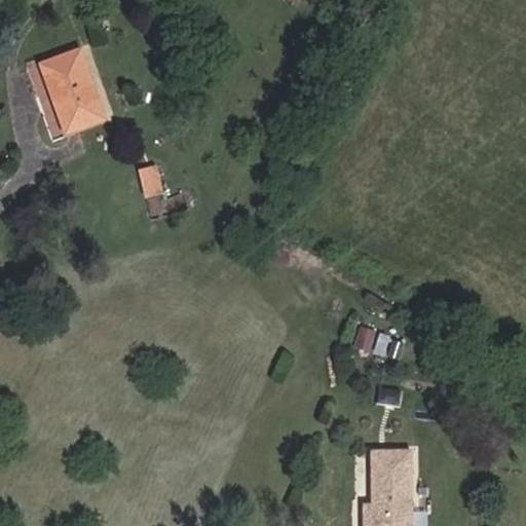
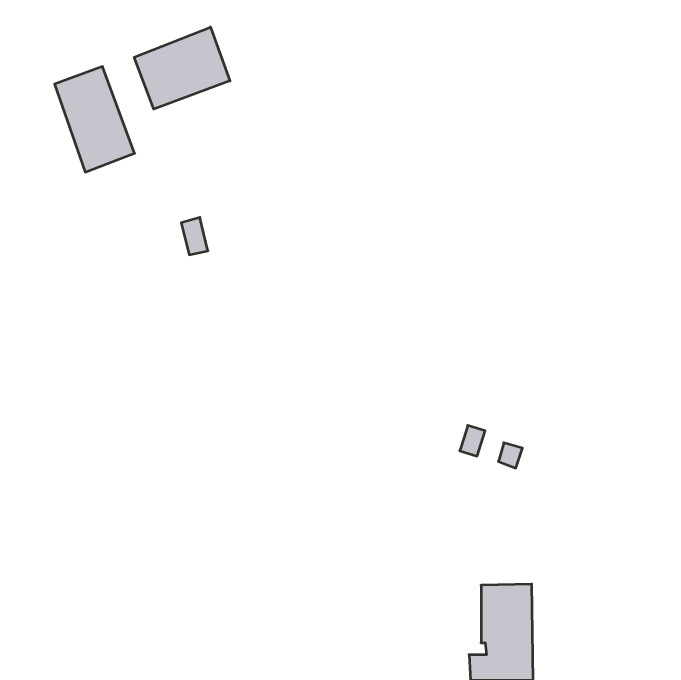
building: none -> [134,27,230,109]

